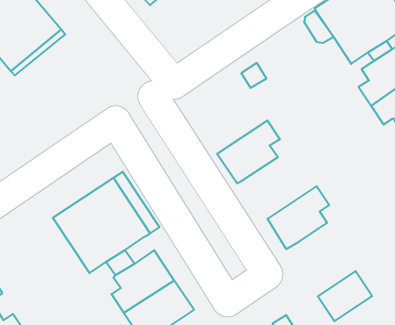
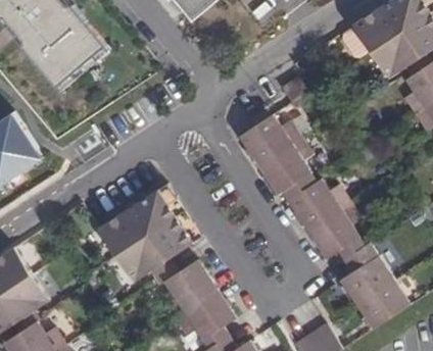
building: none -> [238,110,306,165]
building: none -> [287,174,354,229]
building: none -> [339,243,392,304]

